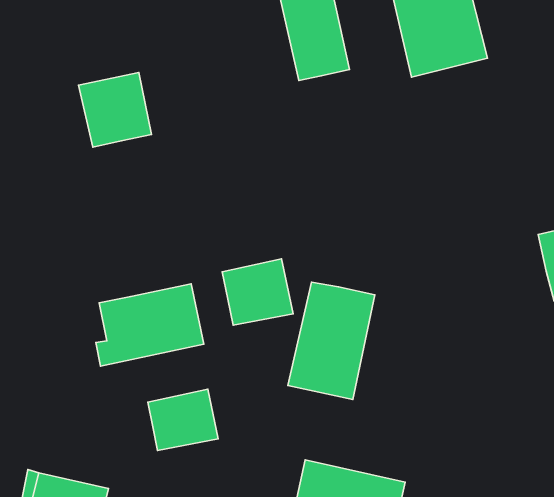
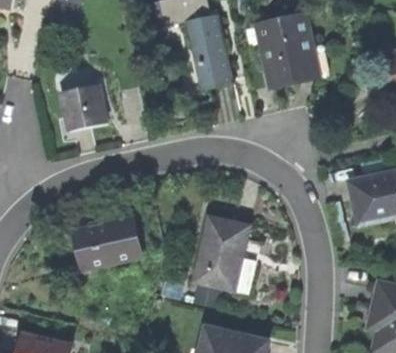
building: [222,259,293,325] -> none
building: [148,389,218,450] -> none

